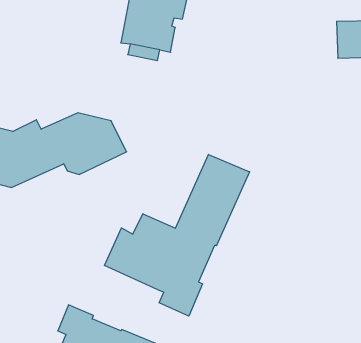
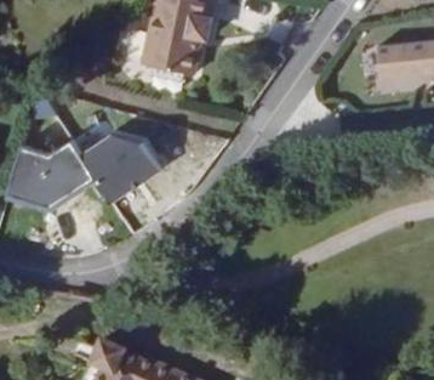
building: [104,154,250,316] -> none

